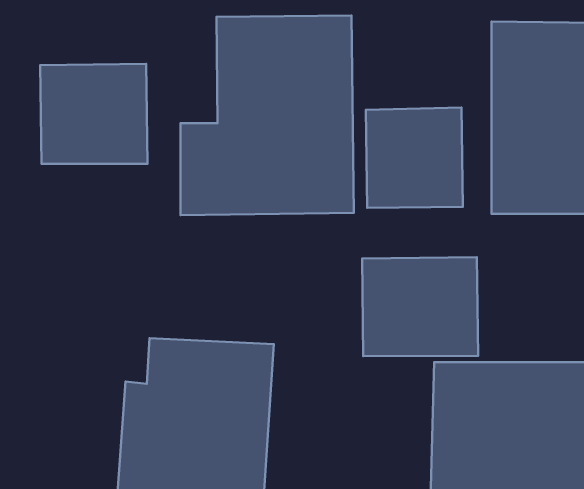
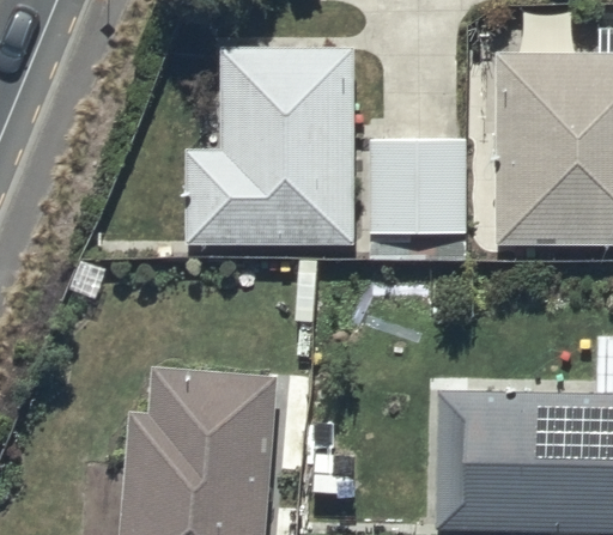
building: [40,64,147,164] -> none
building: [362,257,478,356] -> none

